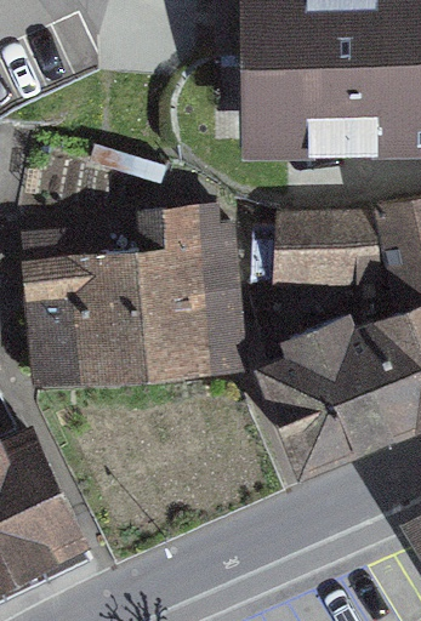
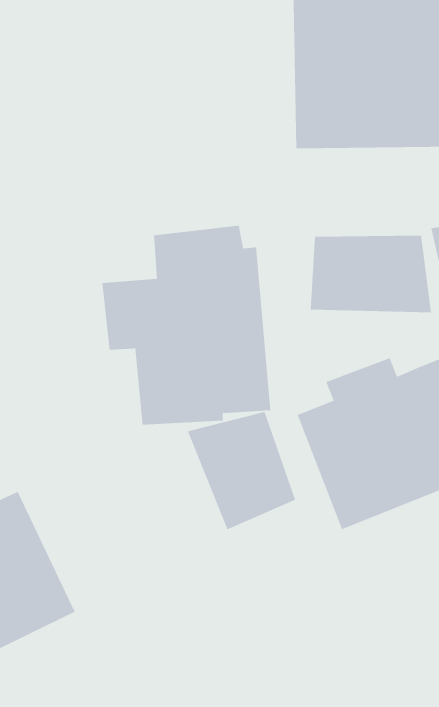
building: [27,235,133,380] -> none
building: none -> [187,411,296,530]

